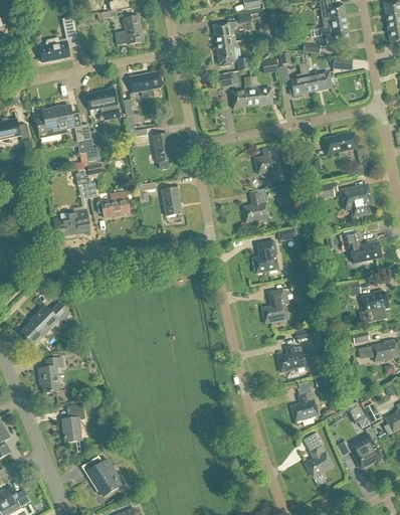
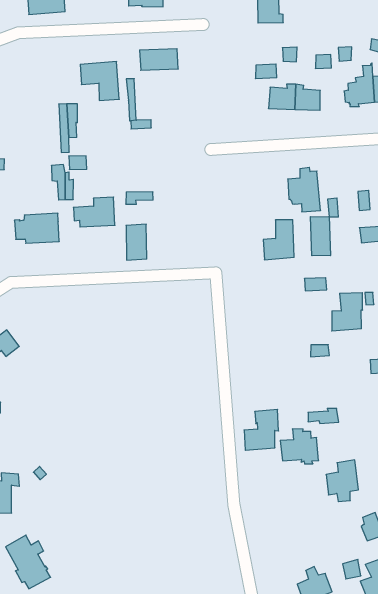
building: [216,40,236,65] -> none
building: [36,105,73,137] -> none
building: [153,133,175,169] -> none
building: none -> [310,216,330,256]
building: [162,186,181,215] -> [126,224,147,260]
building: [253,240,277,273] -> [332,293,363,331]
building: [262,288,288,322] -> [244,409,279,450]
building: [291,391,318,424] -> [326,460,358,502]

